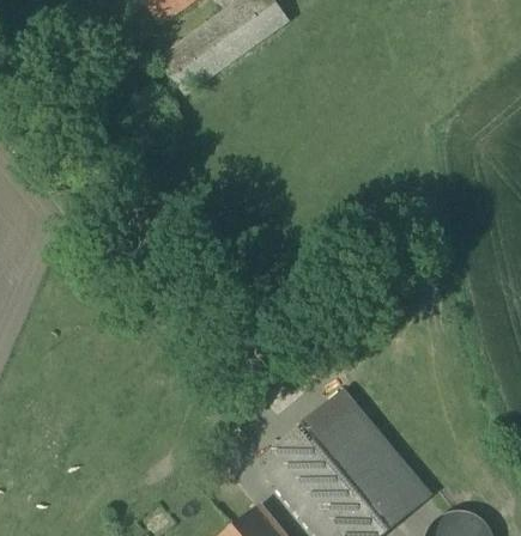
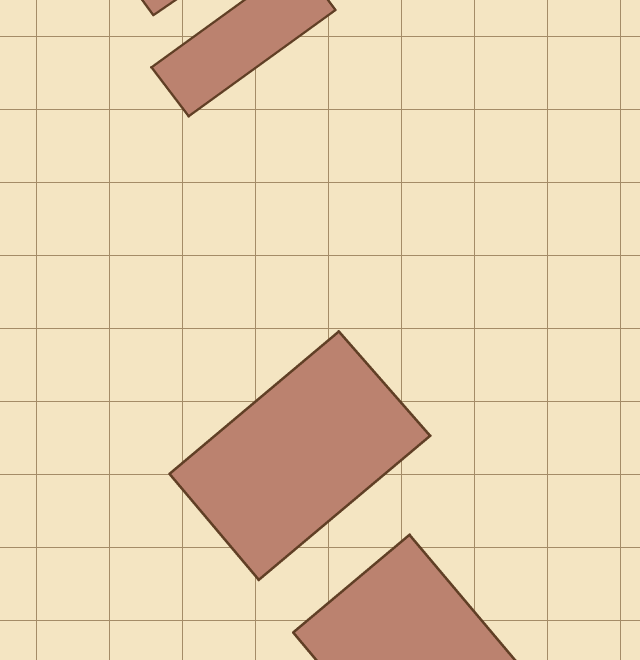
building: none -> [170,331,430,580]

